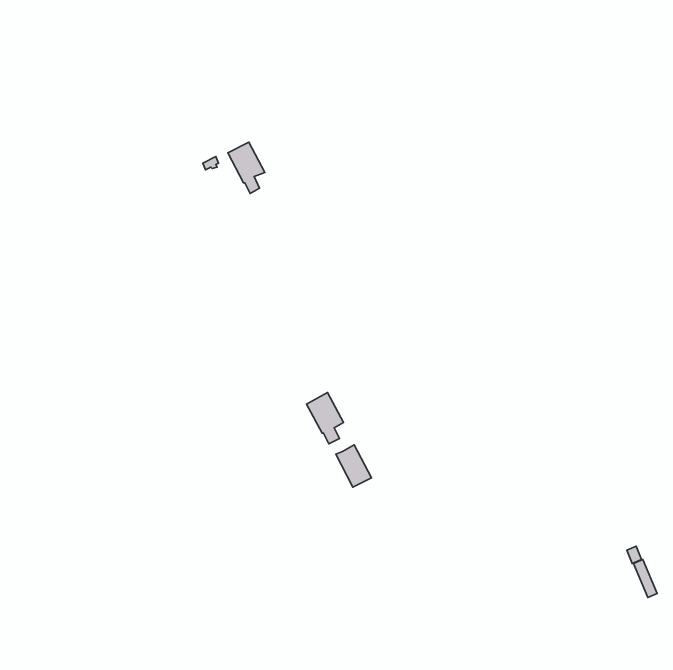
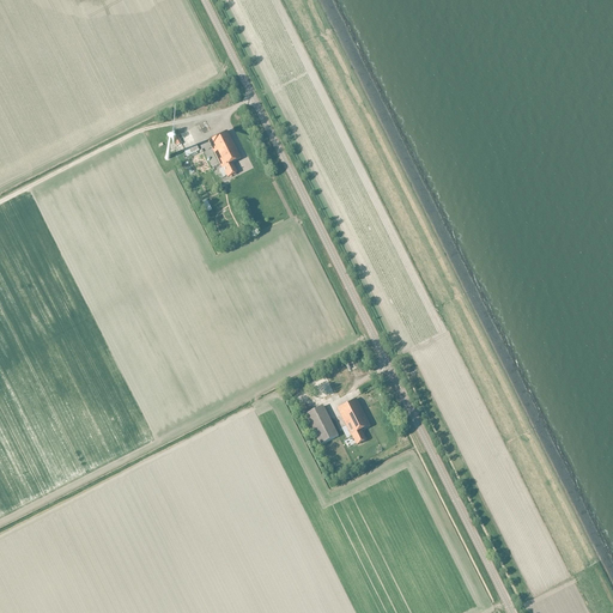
building: [306,392,343,444] -> [336,396,370,443]

